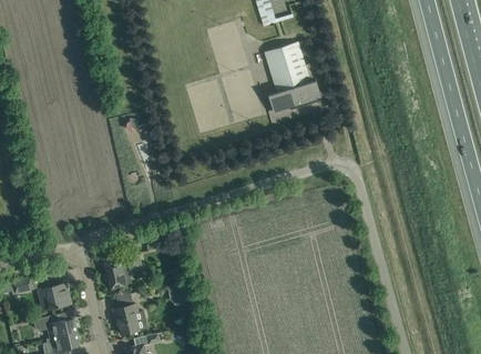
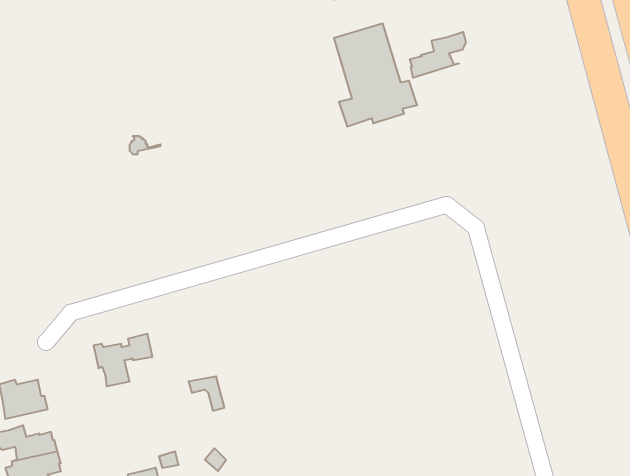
building: none -> [410,32,466,78]
building: [113,304,140,335] -> none

